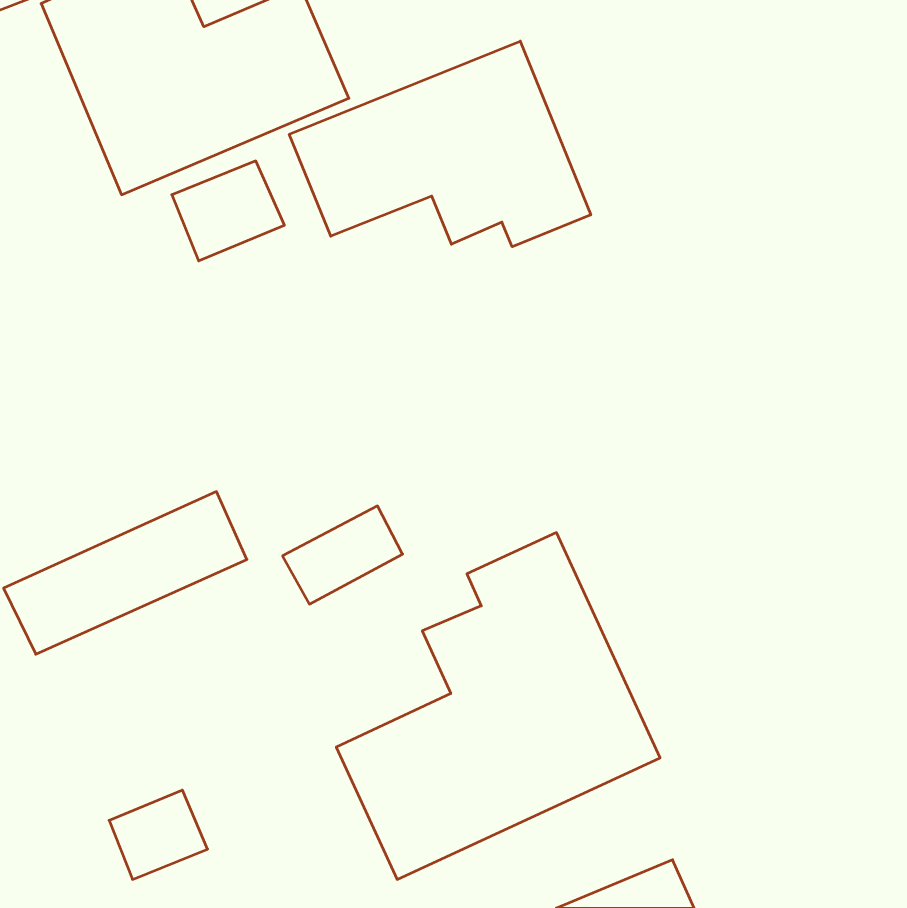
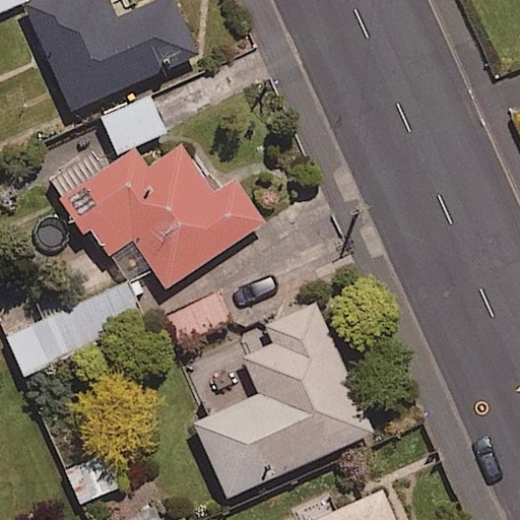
building: [289,41,591,247] -> none
building: none -> [59,142,266,290]

